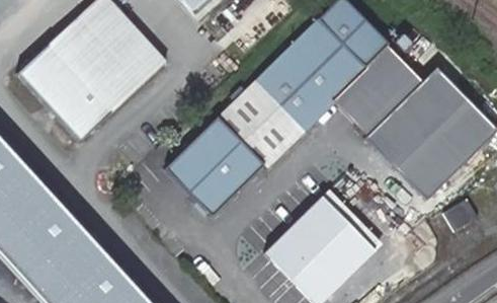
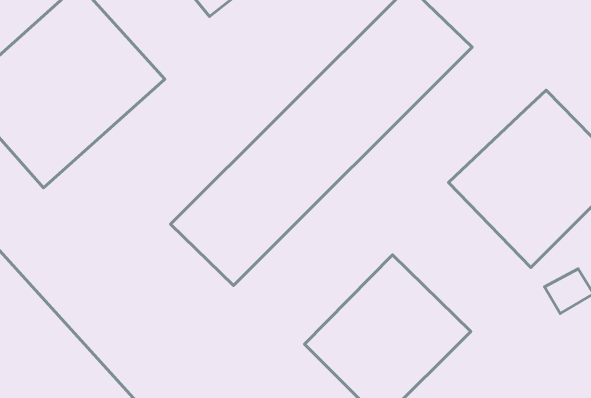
building: [334,47,425,137] -> none

